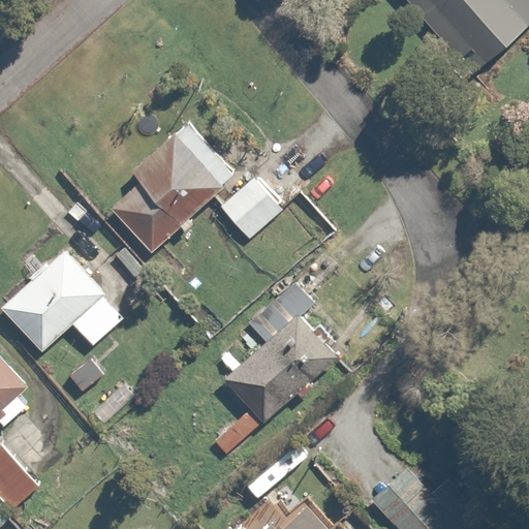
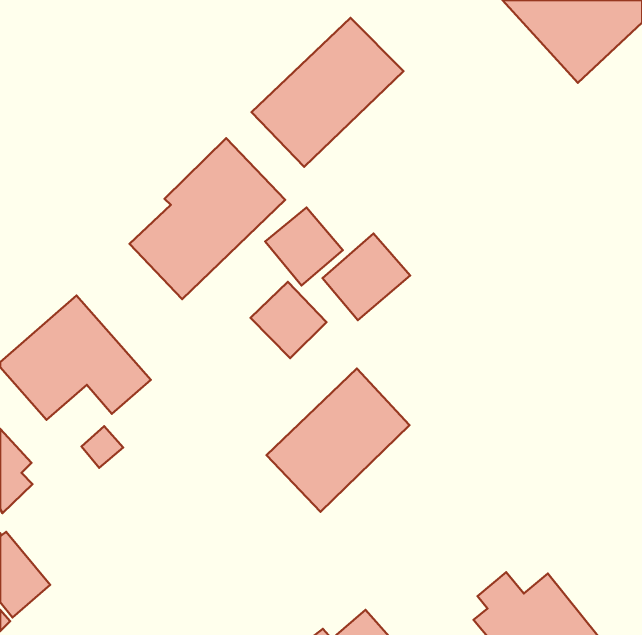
building: none -> [251,18,403,167]
building: none -> [323,234,410,320]
building: none -> [250,282,326,358]

